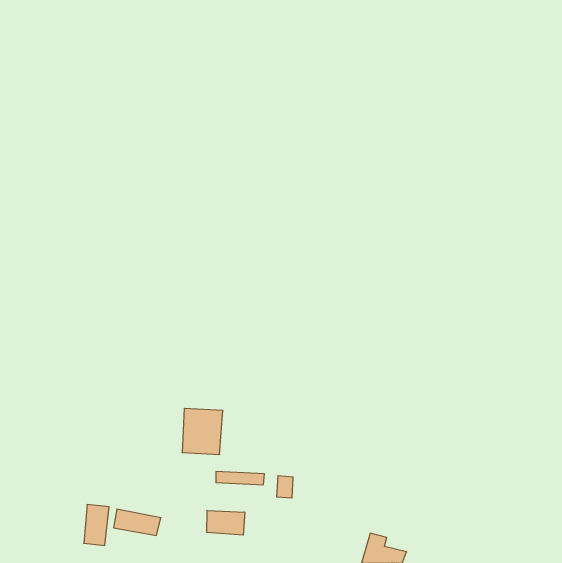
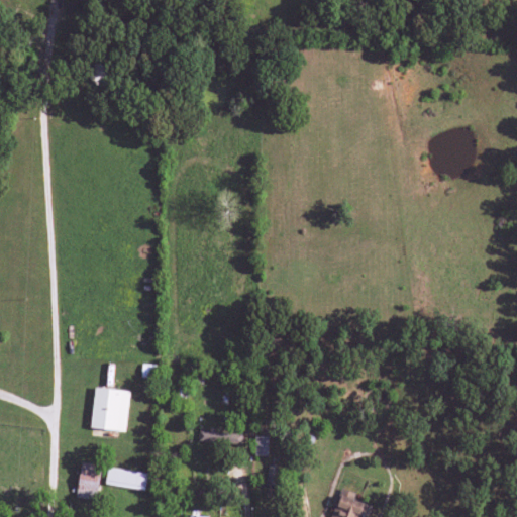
building: [182,408,223,455] -> [92,389,129,431]
building: [207,510,245,535] -> none

